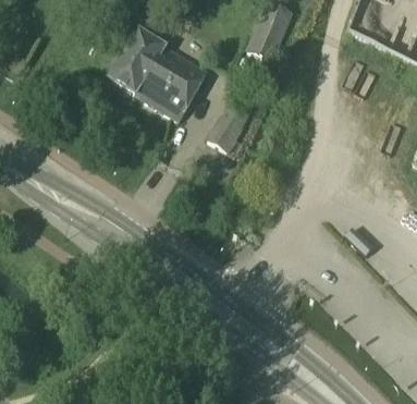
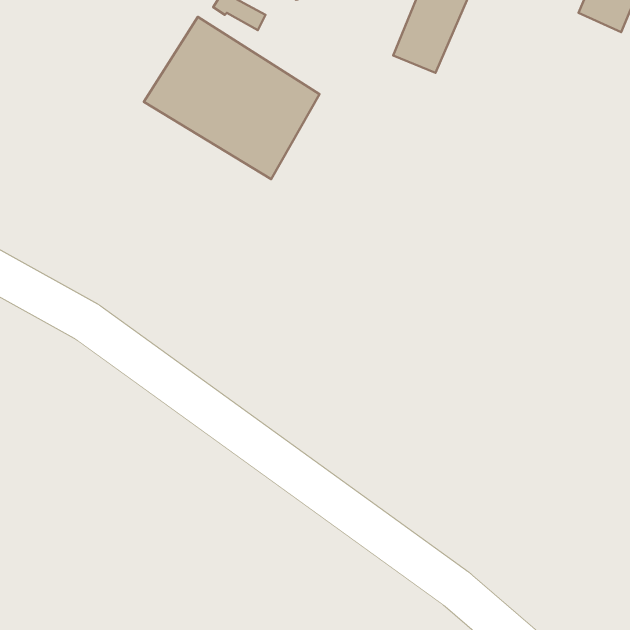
building: [206,112,244,151] -> none

